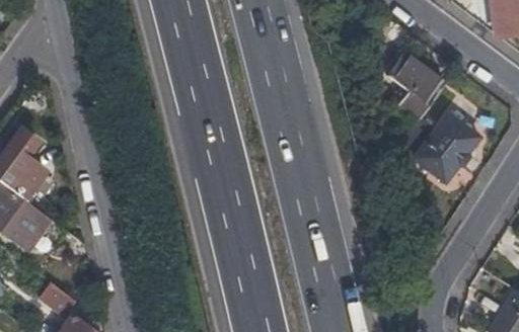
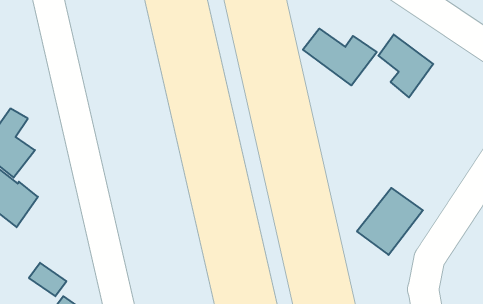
building: none -> [303,29,377,85]
building: [414,113,479,180] -> [357,188,423,255]

